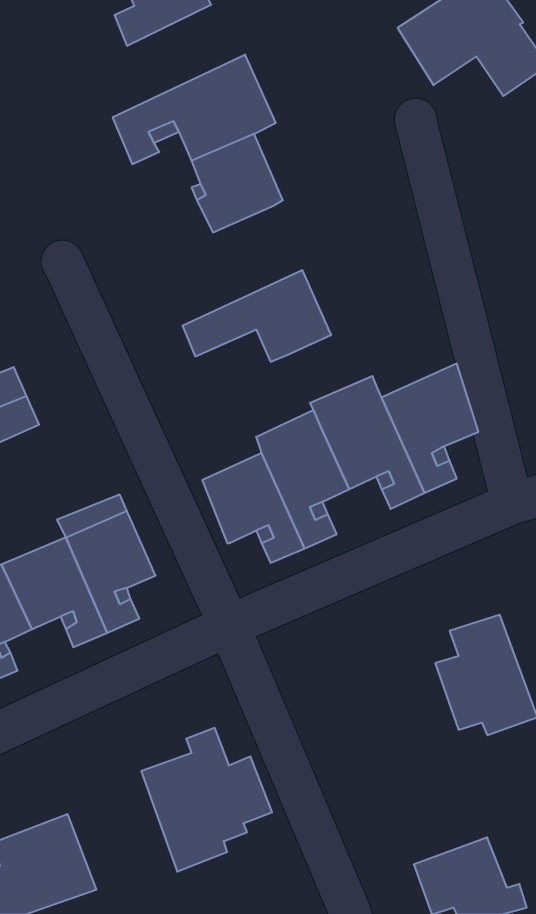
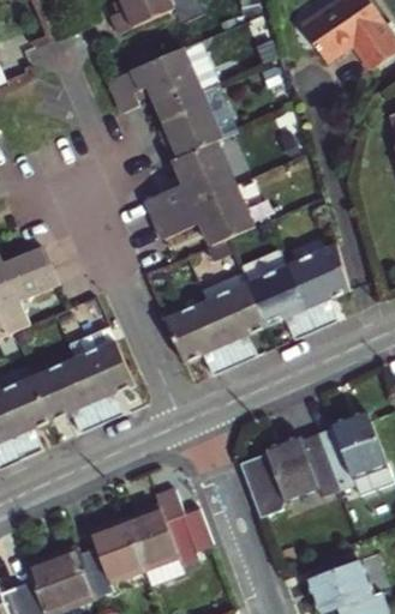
building: none -> [143,138,233,218]
building: none -> [239,435,337,514]
building: none -> [78,516,143,595]

